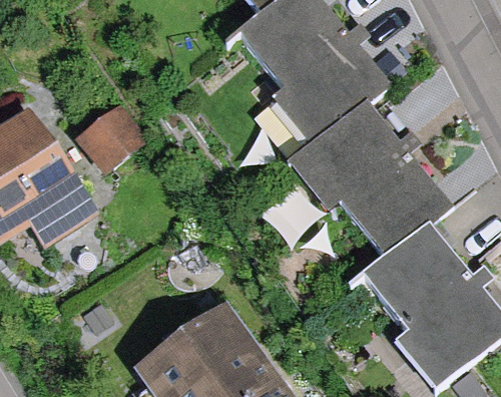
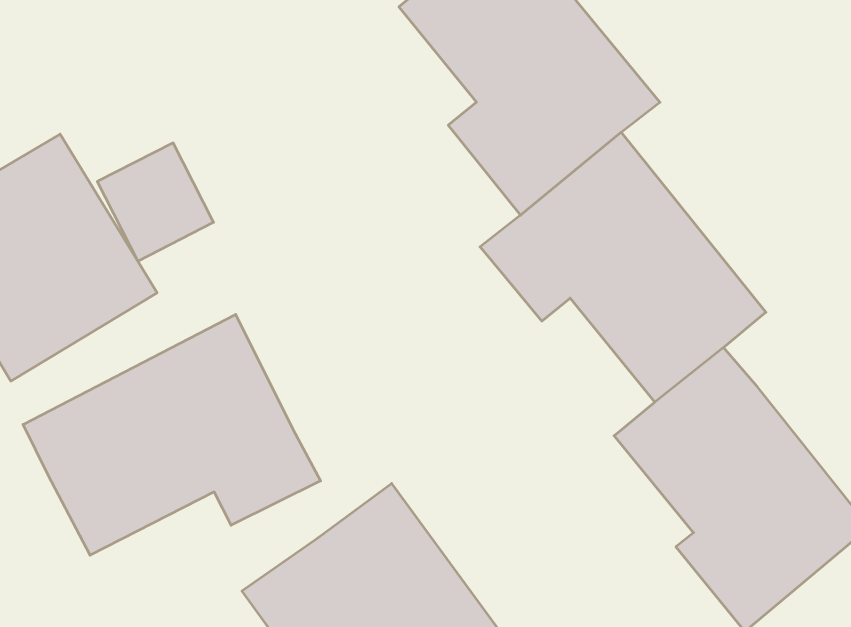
building: none -> [23,314,321,555]

